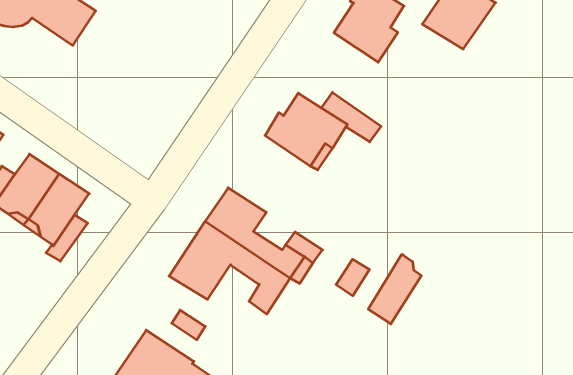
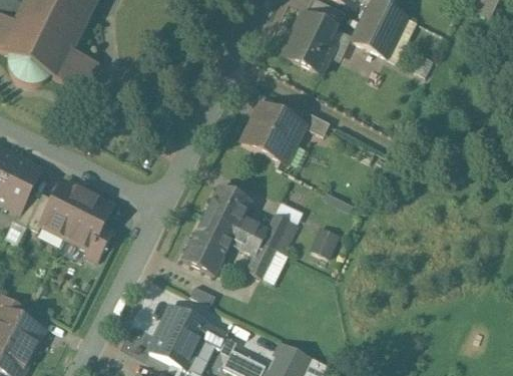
building: [368,255,421,324] -> none

